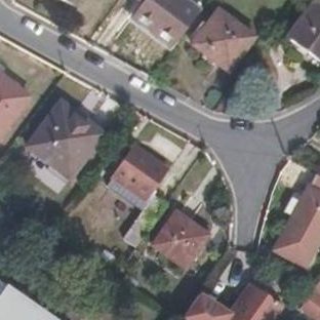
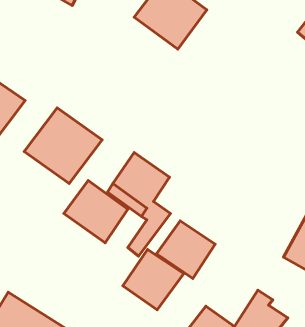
building: [192,8,251,68] -> none
building: none -> [64,181,128,243]
building: none -> [123,250,184,310]

